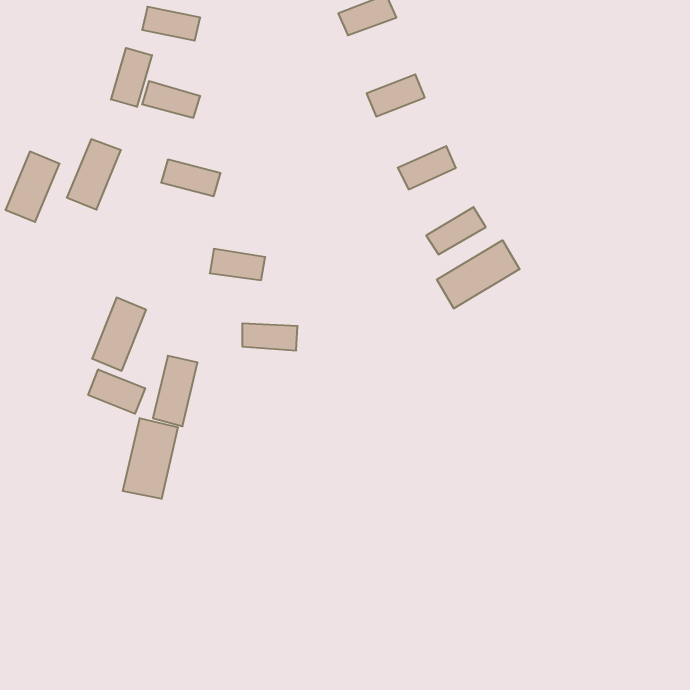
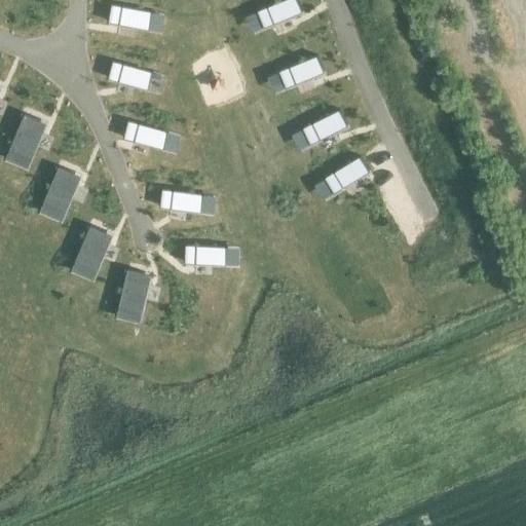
building: [111,48,152,107] -> none
building: [67,139,121,210] -> [39,168,80,222]
building: [437,240,520,309] -> none
building: [88,369,145,414] -> none
building: [123,418,178,499] -> none

